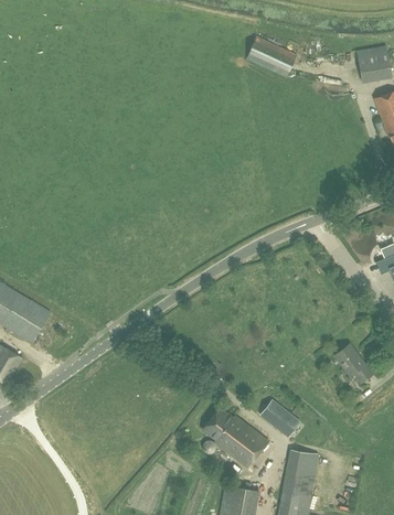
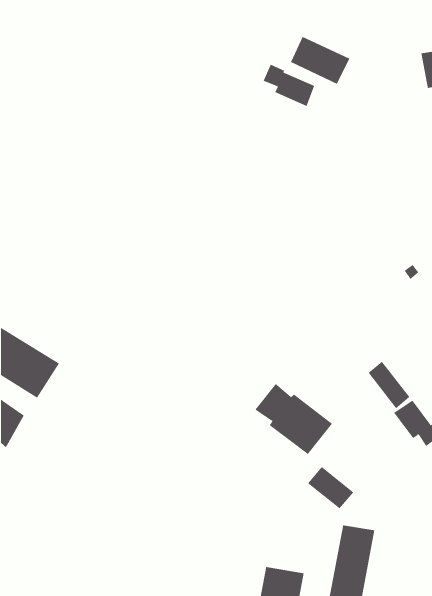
building: none -> [263,64,315,107]
building: none -> [368,361,410,409]
building: [203,407,269,468] -> [255,383,333,455]

